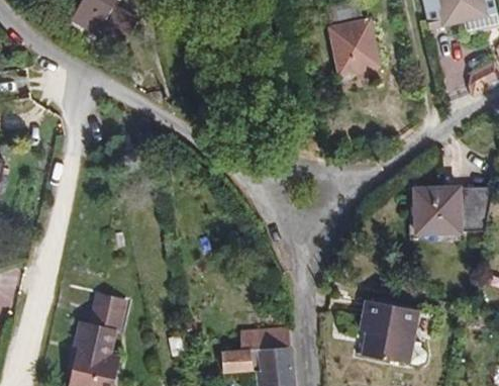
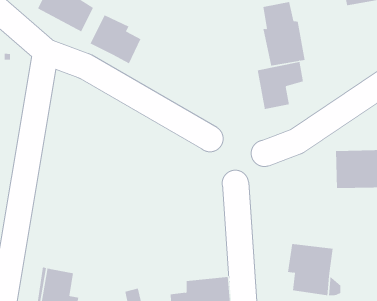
building: none -> [90,15,141,64]
building: none -> [257,61,304,110]
building: [87,294,123,330] -> none

